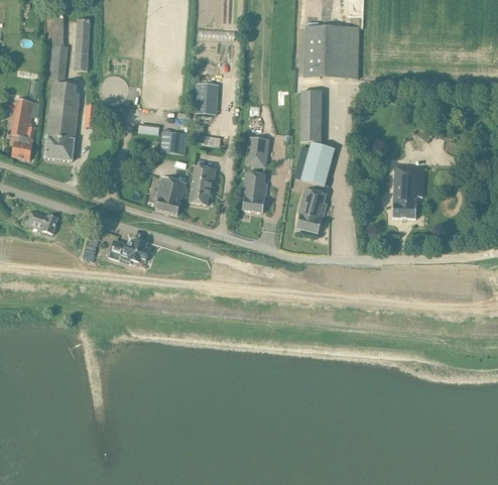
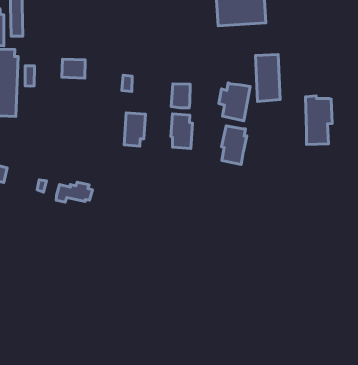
building: [195,83,218,115] -> none
building: [300,90,328,141] -> [256,54,280,101]
building: [160,131,188,154] -> [62,59,85,78]
building: [155,176,186,215] -> none

